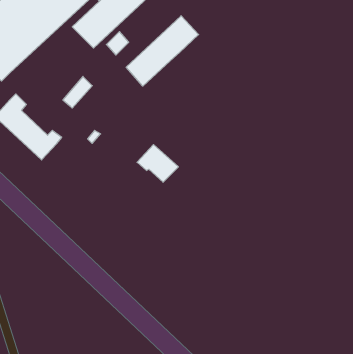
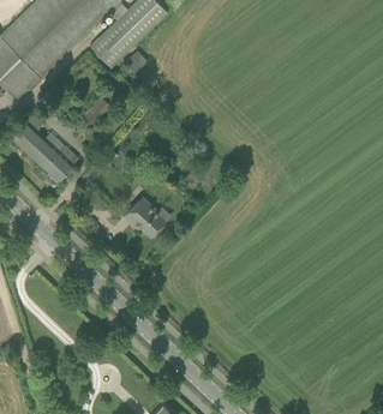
building: [126,16,199,86] -> none
building: [137,145,178,182] -> [124,199,166,238]

